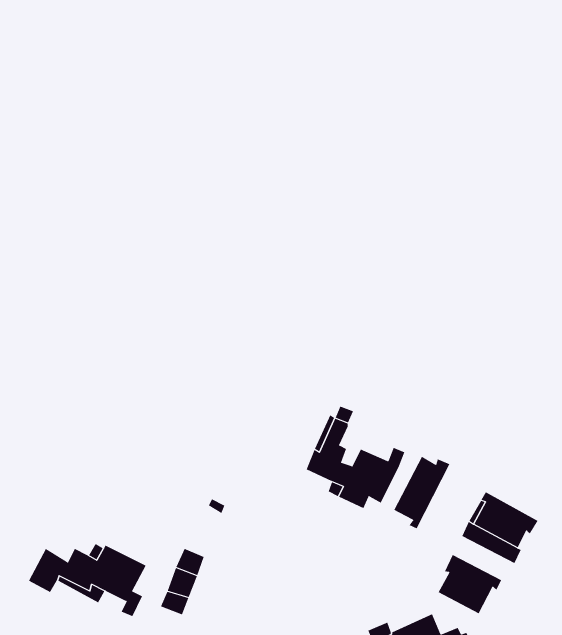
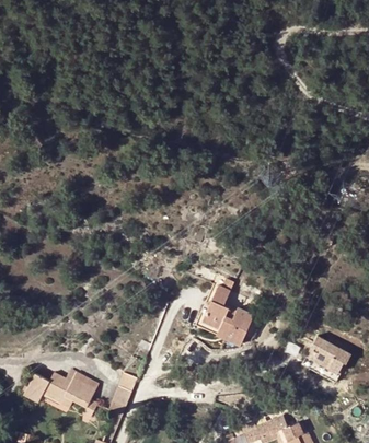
building: [394,456,450,529] -> none
building: [438,554,502,614] -> none

